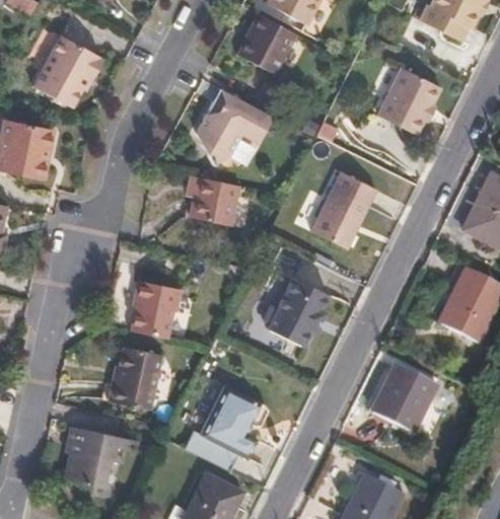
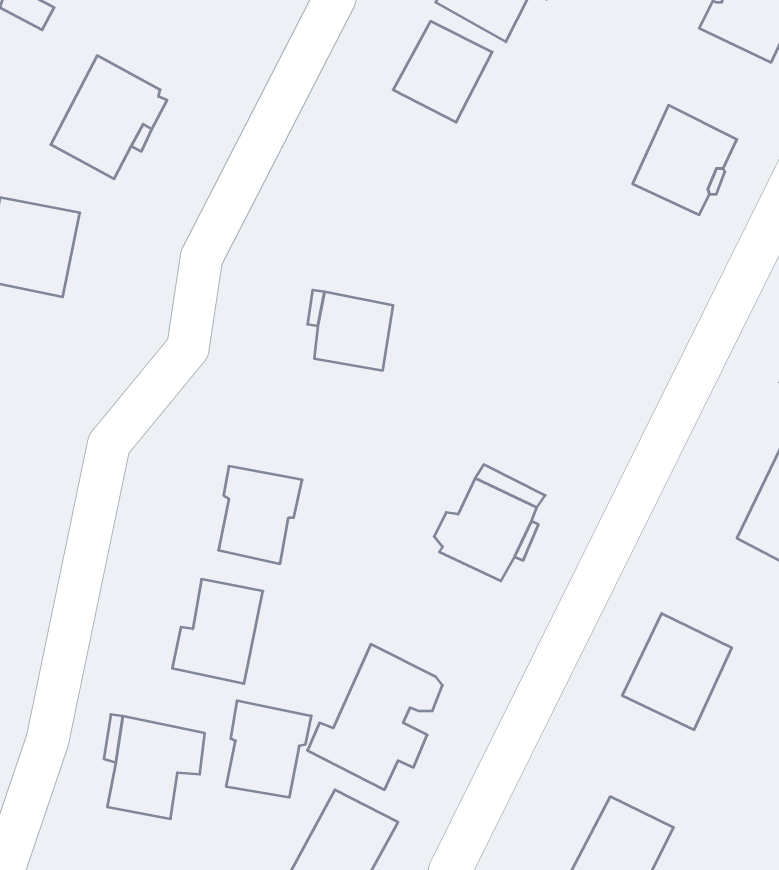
building: [196,88,271,164] -> none
building: [308,172,375,249] -> none
building: none -> [226,701,311,797]

